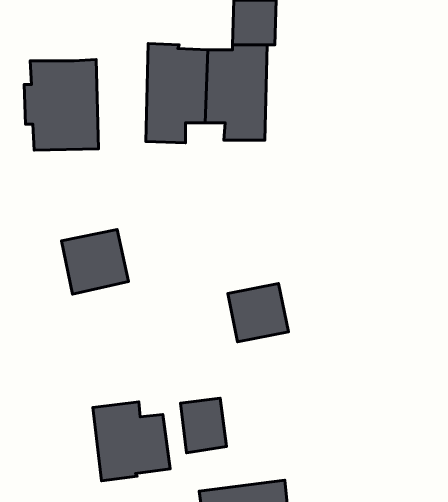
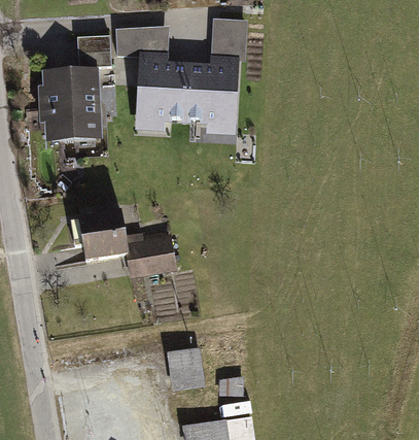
building: none -> [117,24,167,55]
building: none -> [77,35,111,68]
building: [228,284,288,342] -> [126,234,176,282]
building: [93,402,170,481] -> none

